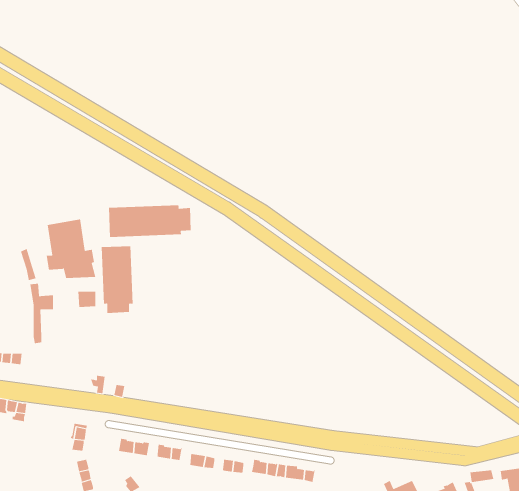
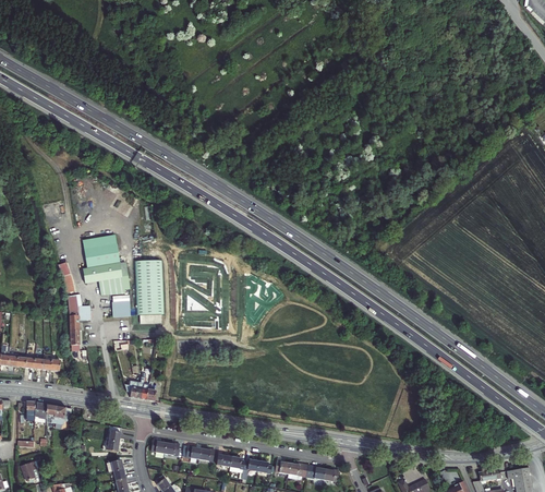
building: [108,205,191,238] -> none

